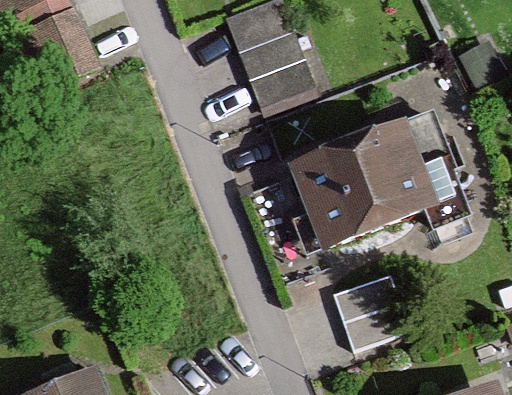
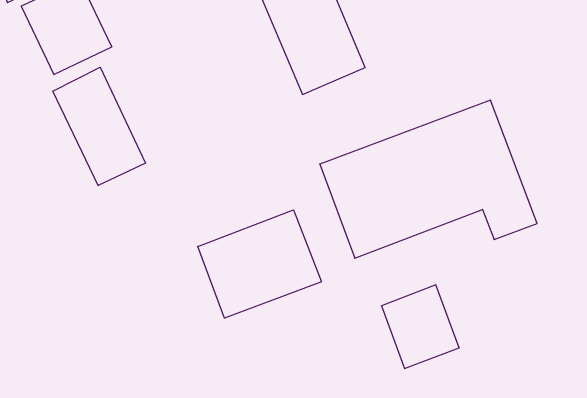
building: none -> [53,67,146,186]
building: none -> [198,210,322,318]

